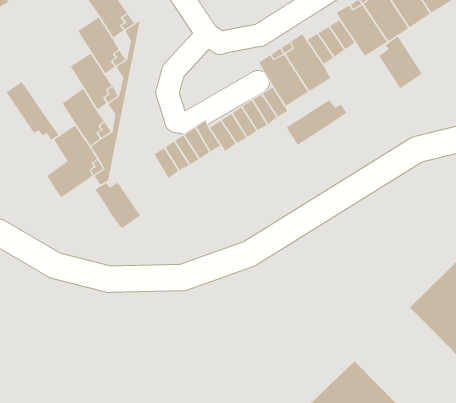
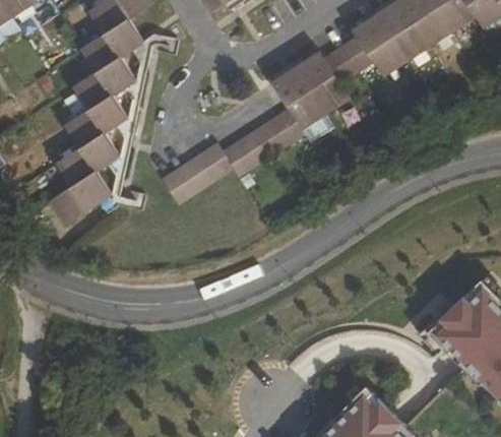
building: [379,36,423,89] -> none
building: [6,81,59,141] -> none
building: [286,99,347,145] -> none
building: [94,182,141,229] -> none

